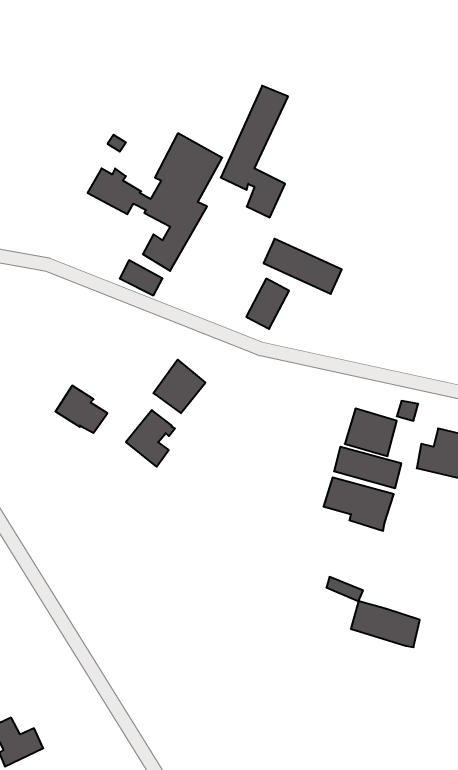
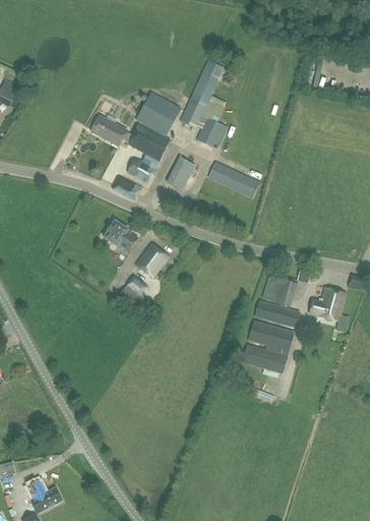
building: [246,279,289,329] -> [167,156,195,189]
building: [55,386,107,433] -> [104,219,138,250]
building: [351,601,420,647] -> [242,343,288,373]

